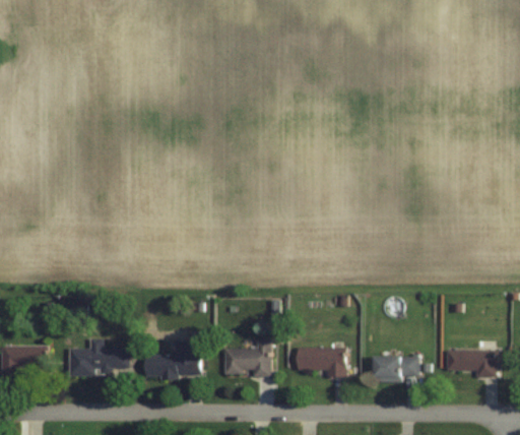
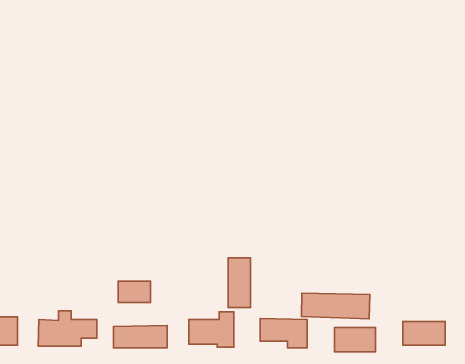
building: none -> [228,258,250,308]
building: none -> [118,281,150,302]
building: none -> [301,293,370,319]

